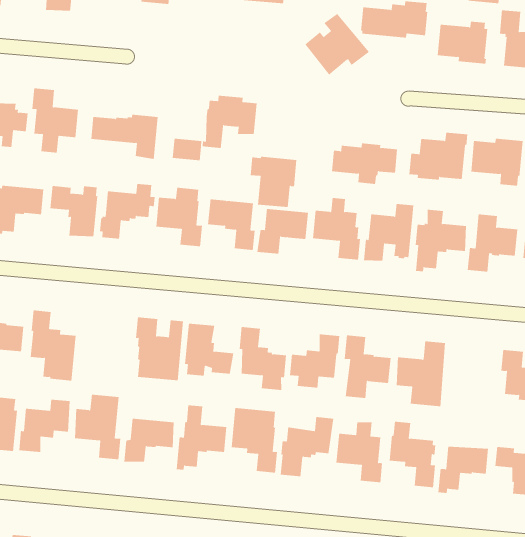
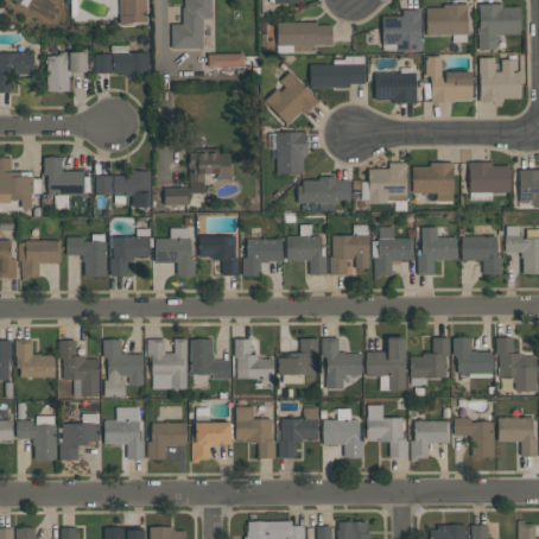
building: [250,156,297,208] -> [270,132,307,172]
building: none -> [104,340,144,397]
building: none -> [411,337,450,385]

